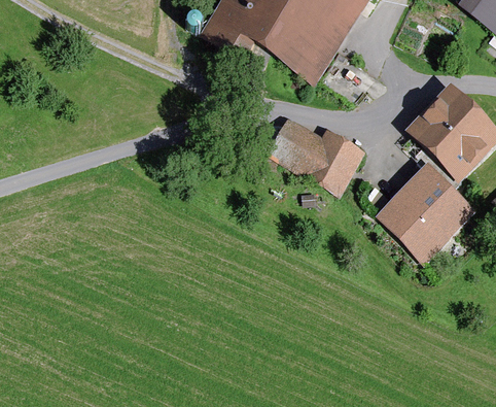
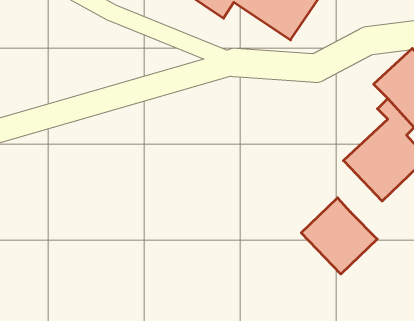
building: [275,126,359,189] -> none
building: none -> [301,198,377,274]

